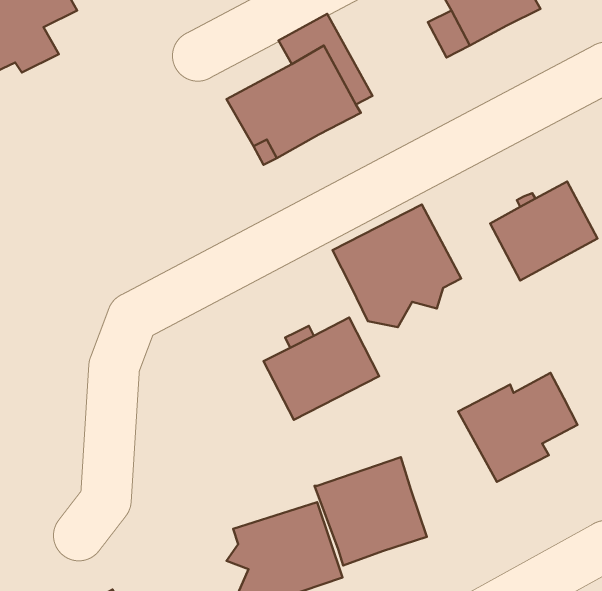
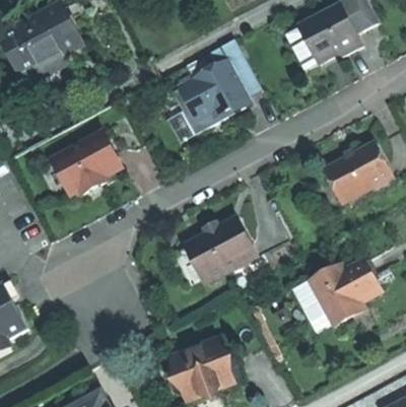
building: none -> [56,128,120,191]
building: [332,205,461,327] -> none
building: [314,457,427,566] -> none

